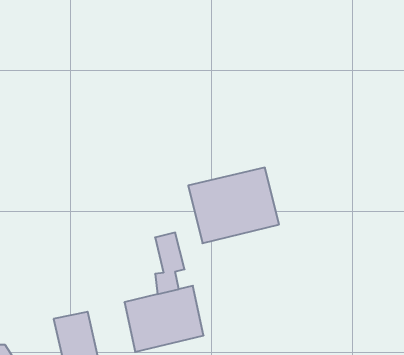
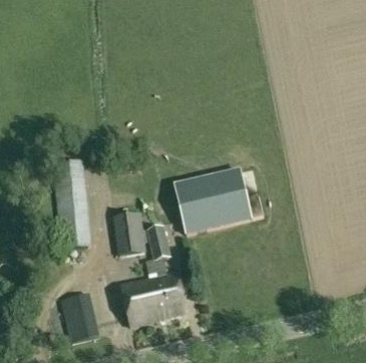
building: none -> [56,160,90,246]
building: none -> [112,212,146,256]

